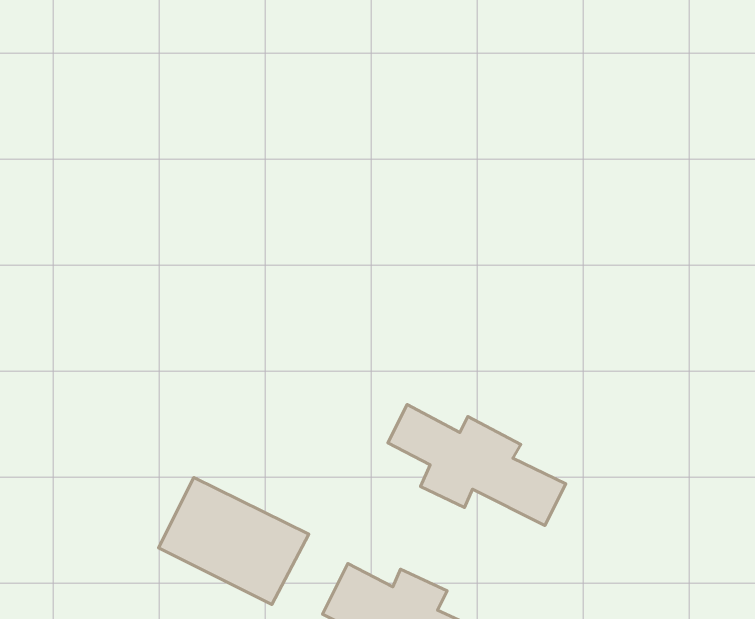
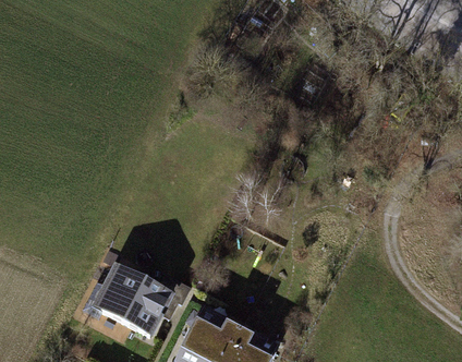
building: [388,405,566,526] -> none

